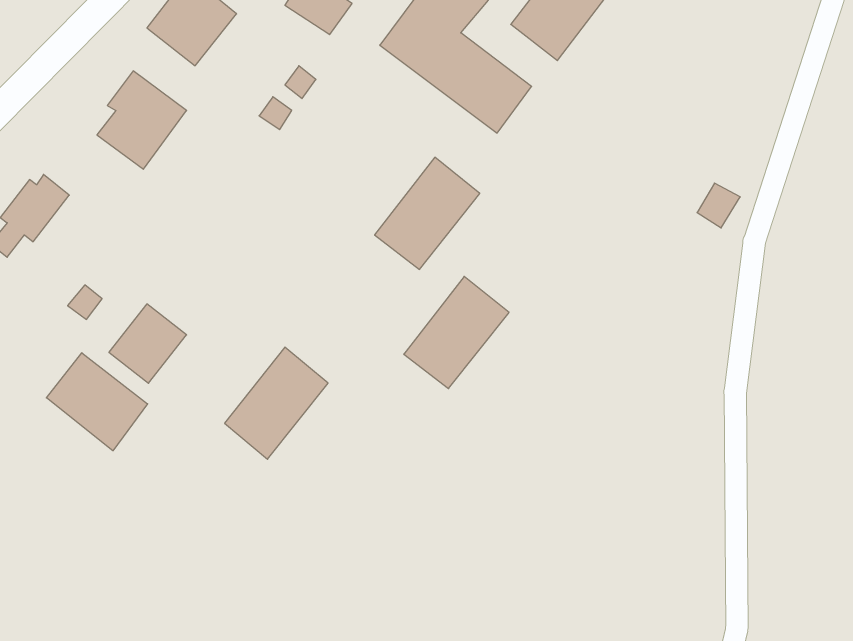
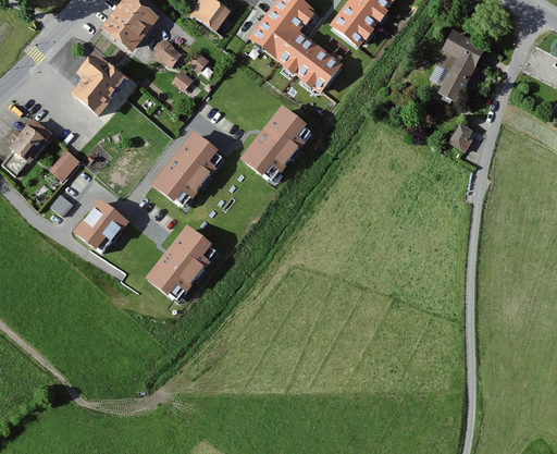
building: none -> [429,29,488,105]
building: none -> [152,40,183,68]
building: none -> [49,148,79,180]
building: [404,276,509,389] -> [156,134,222,205]
building: [46,353,148,451] -> none

